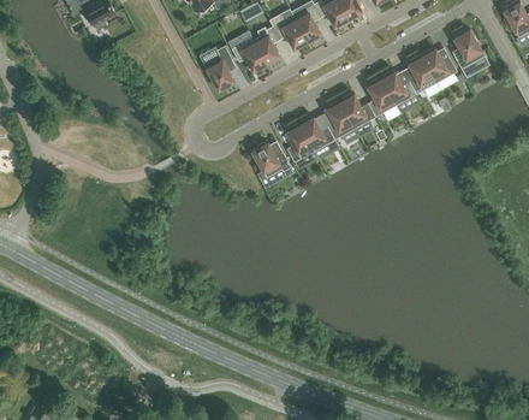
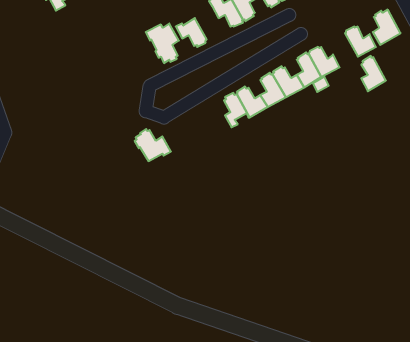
building: [252,25,279,64] -> none
building: [408,54,435,94] -> [361,56,386,91]
building: [250,141,291,177] -> [135,129,171,161]

